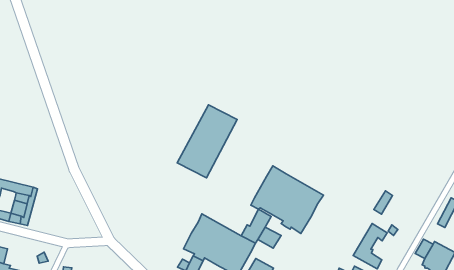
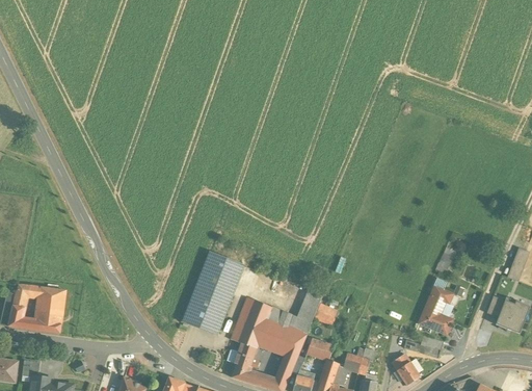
building: [177,105,237,178] -> [183,253,243,333]
building: [251,166,323,233] -> none

